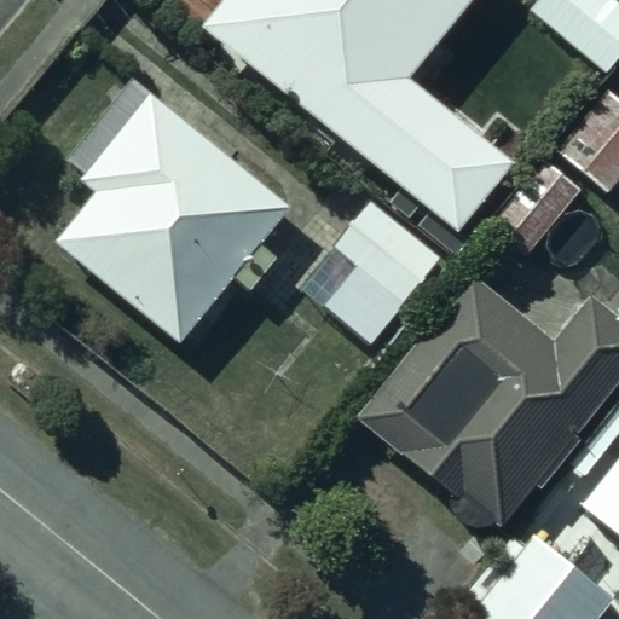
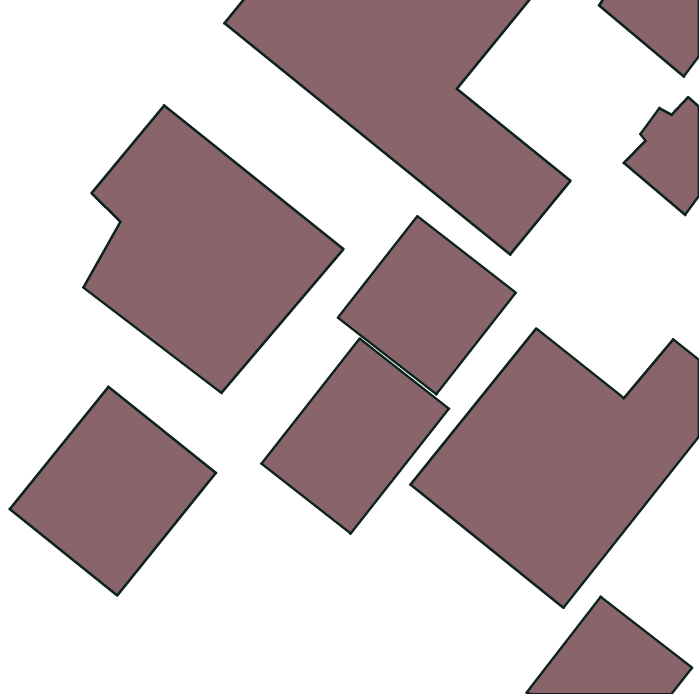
building: none -> [261,339,449,534]
building: none -> [10,387,216,595]

